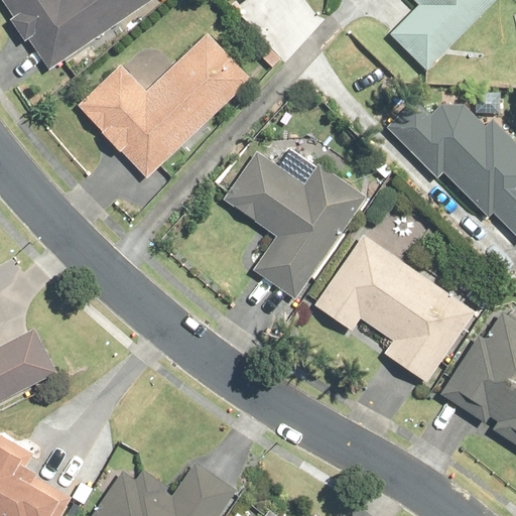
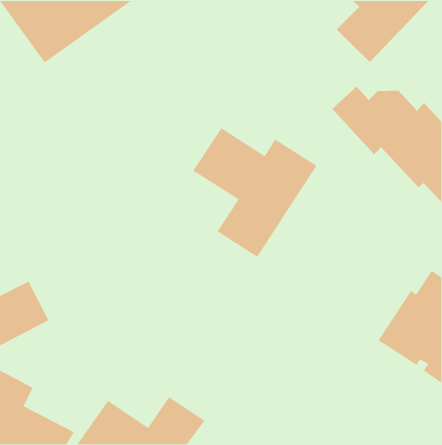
building: [78,28,256,177] -> none
building: [316,235,477,381] -> none

